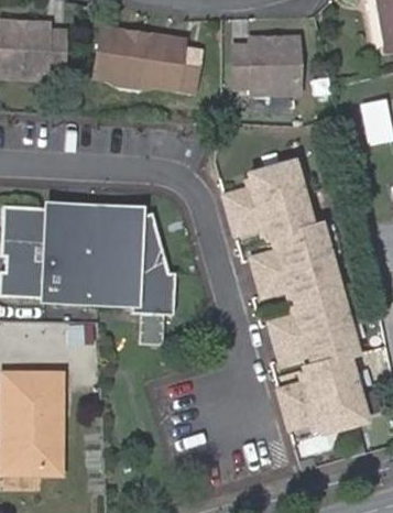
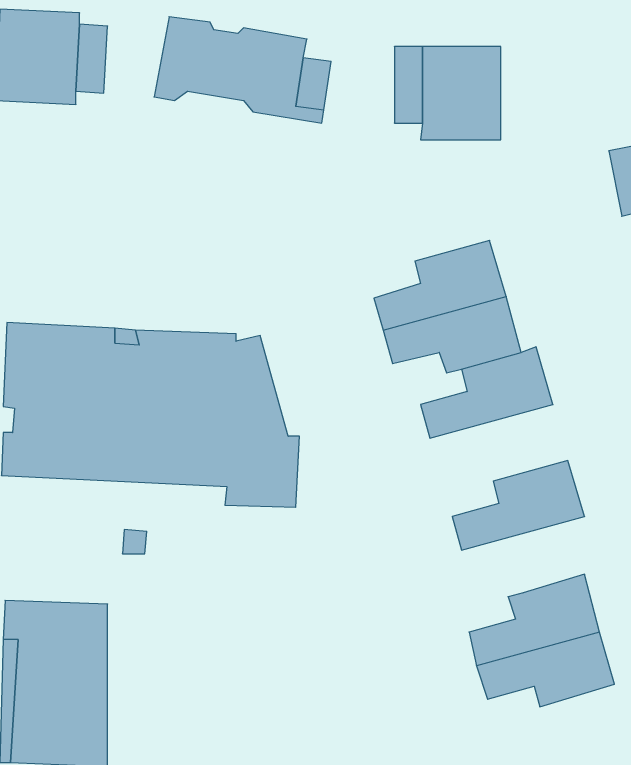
building: [256,254,338,299] -> none
building: [275,320,357,365] -> none

